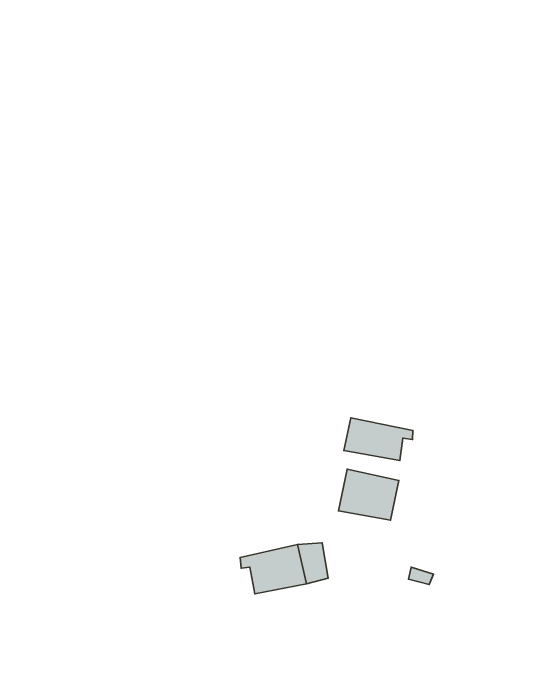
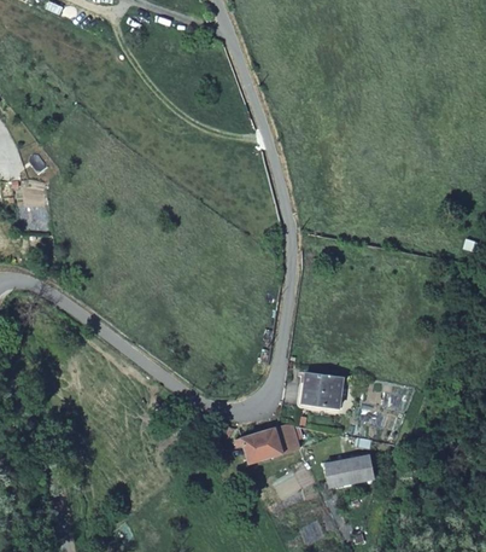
building: [344,418,413,461] -> none
building: none -> [323,454,374,488]

